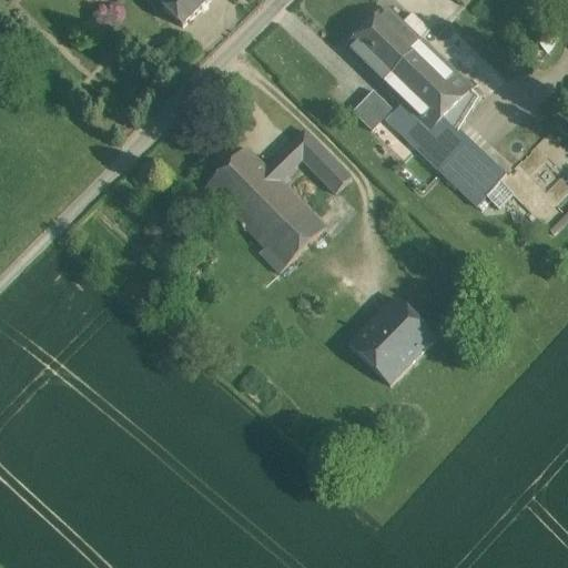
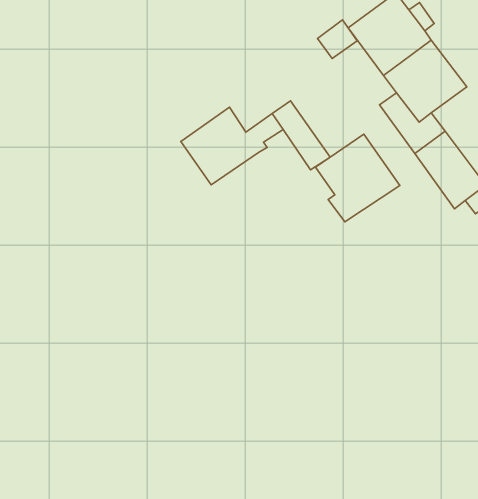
building: [351,87,389,125] -> [317,20,357,58]
building: [241,183,325,271] -> [315,134,400,222]
building: [347,296,435,384] -> none

